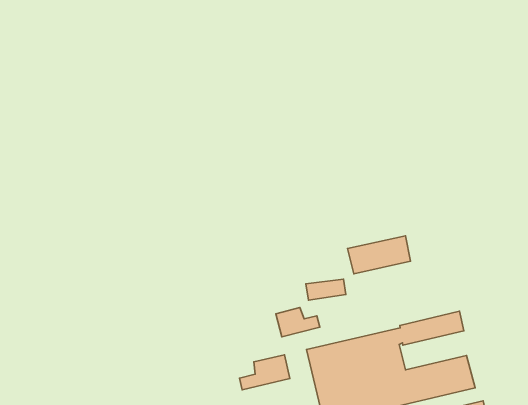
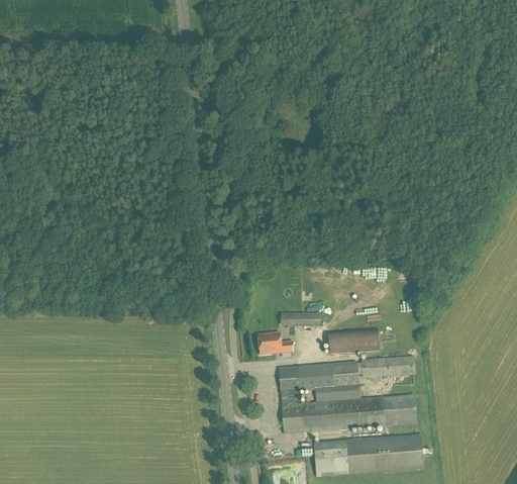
building: [348,236,411,274] -> [327,327,379,353]
building: [239,355,290,390] -> none

